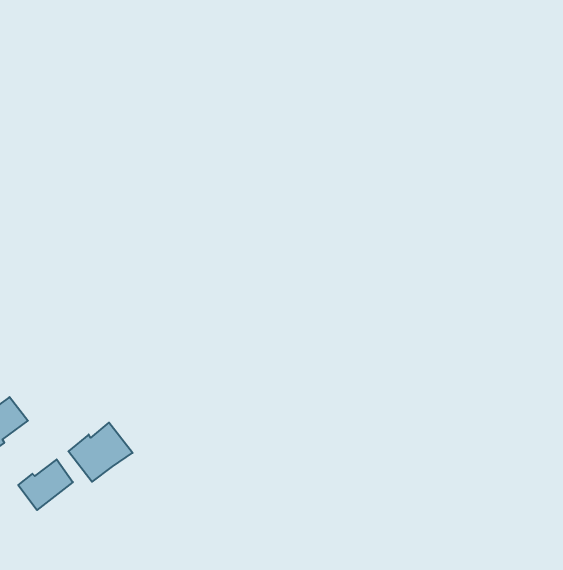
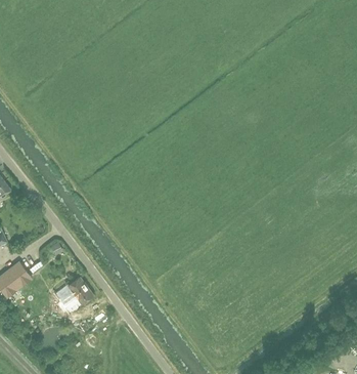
building: [18,459,73,510] -> none

